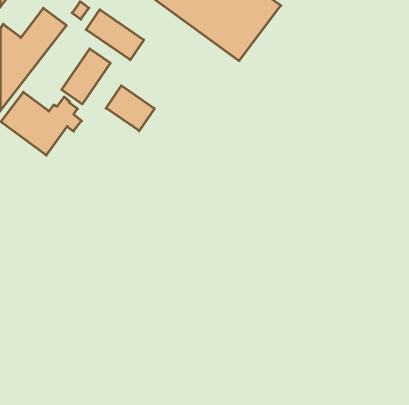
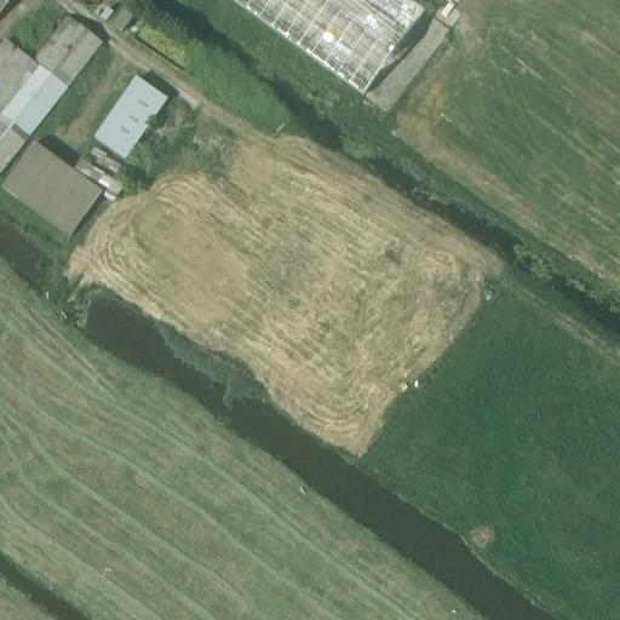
building: [86,10,144,60] -> none
building: [106,86,154,131] -> none

